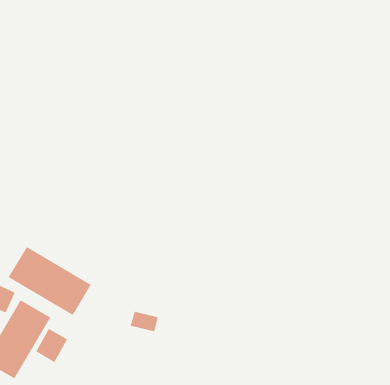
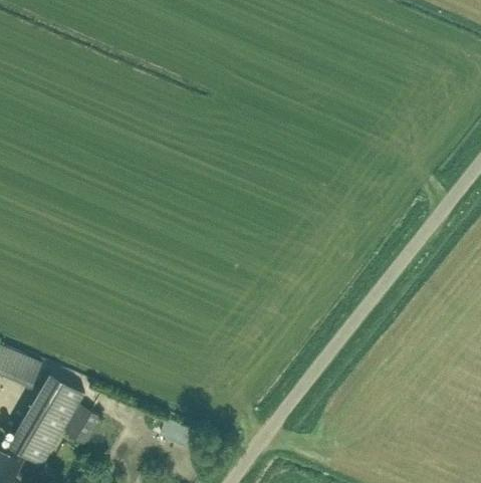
building: [8,246,92,316] -> none
building: [130,311,158,332] -> [165,422,198,446]

